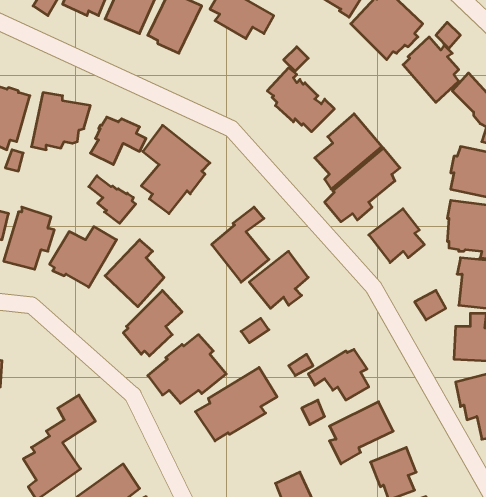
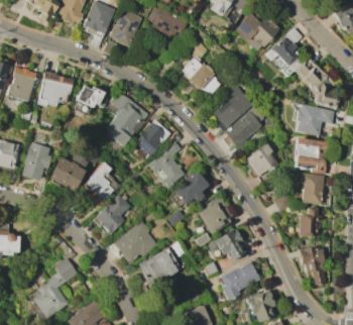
building: none -> [135,119,171,156]
building: [89,176,136,223] -> none
building: none -> [198,197,233,234]

